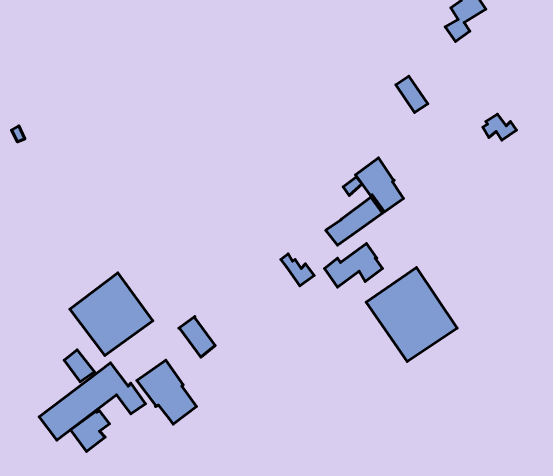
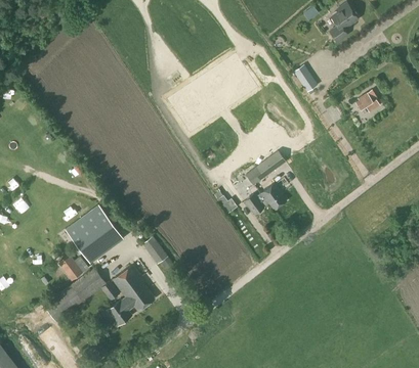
building: [356,158,404,212] -> none
building: [366,267,457,362] -> none
building: [70,411,110,452] -> [108,297,135,326]

